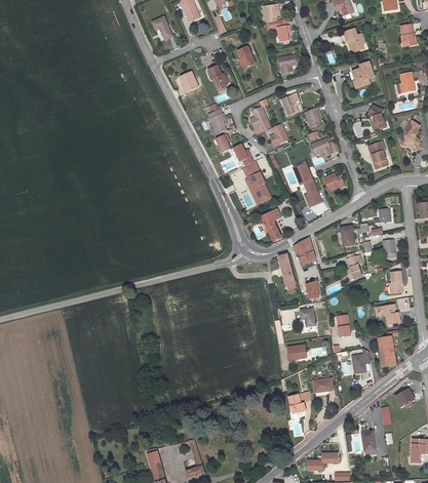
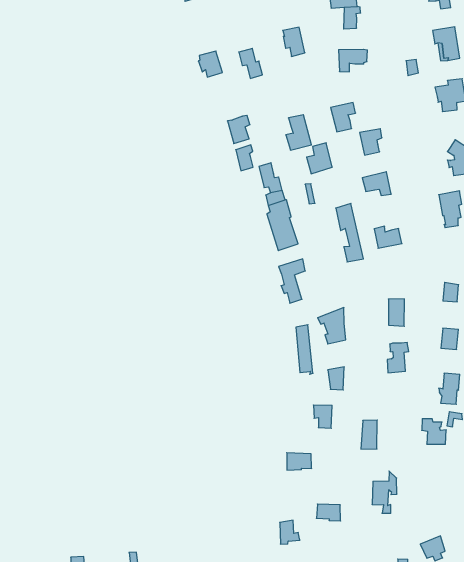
building: [381,331,400,367] -> none

